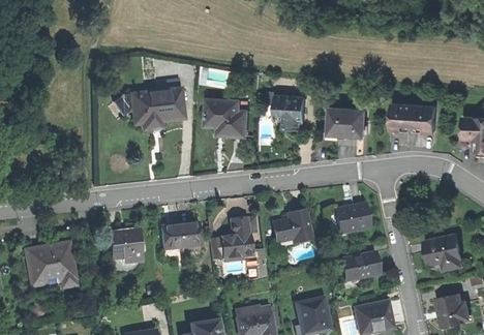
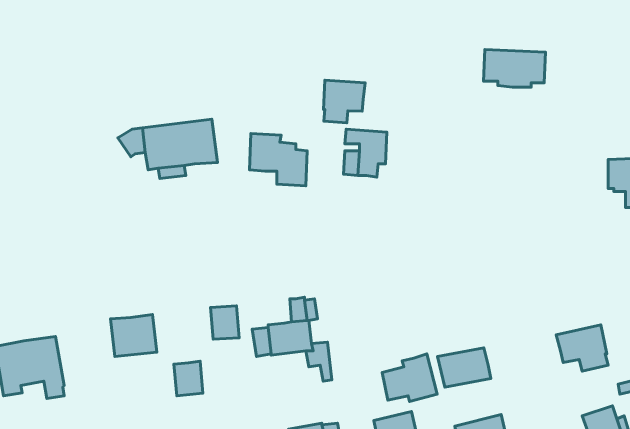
building: none -> [324,80,365,123]
building: [392,103,436,130] -> [483,49,546,87]
building: [330,106,365,135] -> none
building: [335,203,368,232] -> none
building: [272,209,311,243] -> [382,354,437,401]
building: [160,222,181,247] -> [174,361,203,396]

